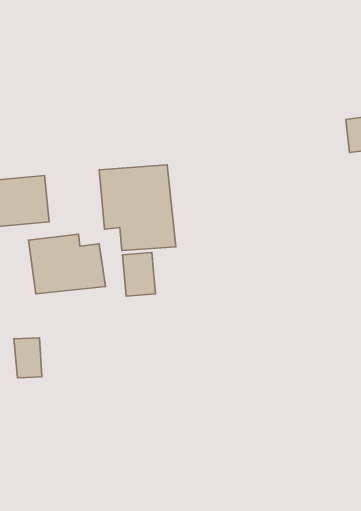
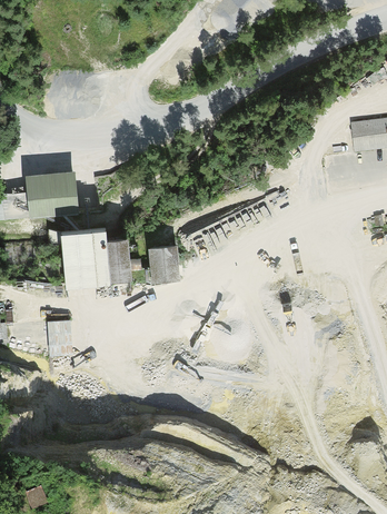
building: [99,165,176,250] -> none

